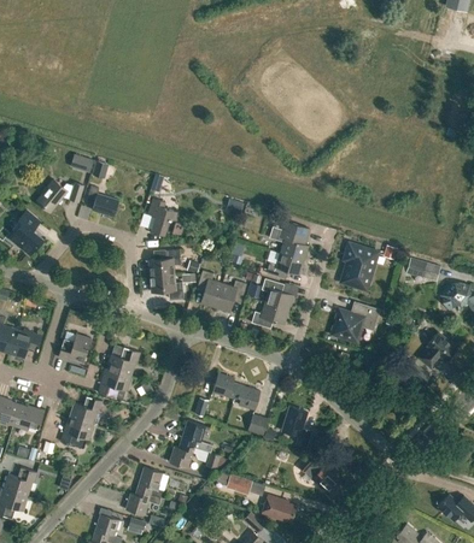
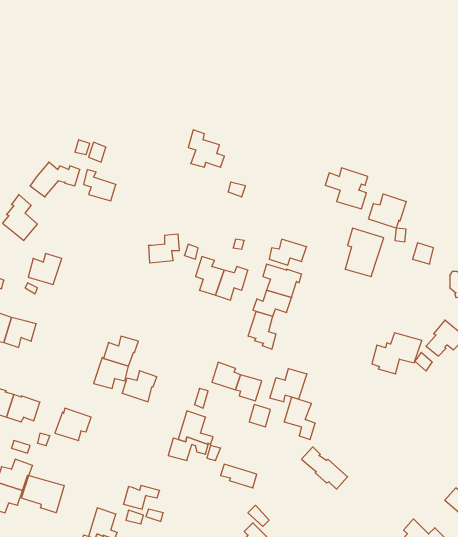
building: [148,197,183,234] -> [188,130,224,167]
building: none -> [368,194,406,228]
building: [268,220,309,260] -> [325,168,368,209]
building: [151,273,183,297] -> none
building: [332,301,380,341] -> [372,333,422,374]
building: none -> [248,311,276,349]
building: [58,334,90,364] -> [28,253,62,285]
building: none -> [270,369,307,402]
building: [69,395,103,425] -> [122,371,157,402]
building: [135,466,163,496] -> none
building: none -> [22,475,64,513]
building: [263,495,297,523] -> none

